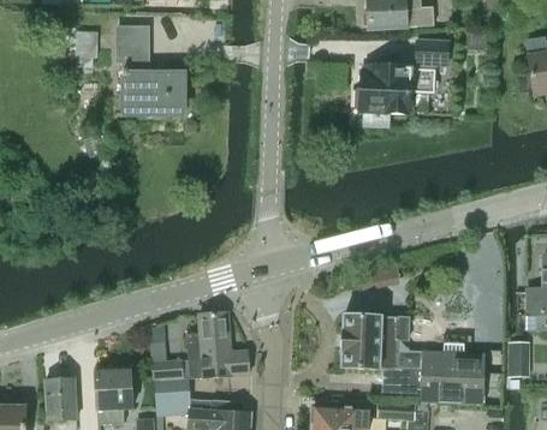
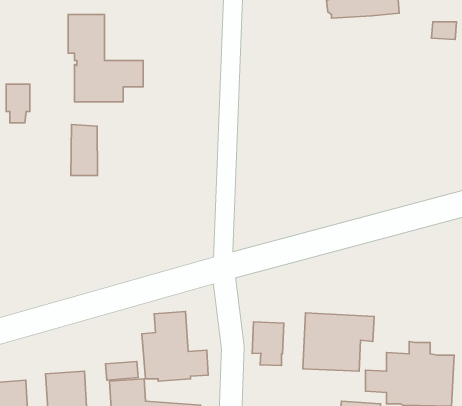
building: [75,31,97,68] -> [6,84,30,123]
building: [358,41,450,127] -> none
building: none -> [71,125,97,176]
building: none -> [252,322,284,365]

